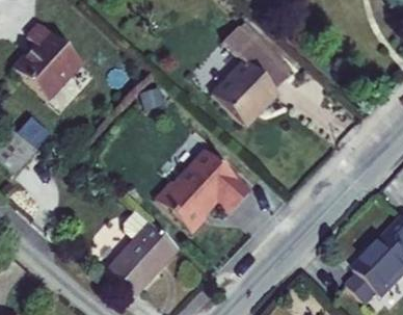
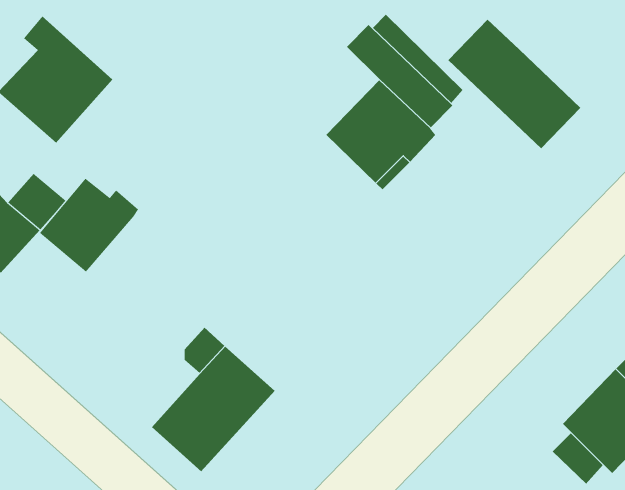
building: none -> [447,19,581,149]
building: none -> [39,178,139,272]
building: [157,146,252,229] -> none

